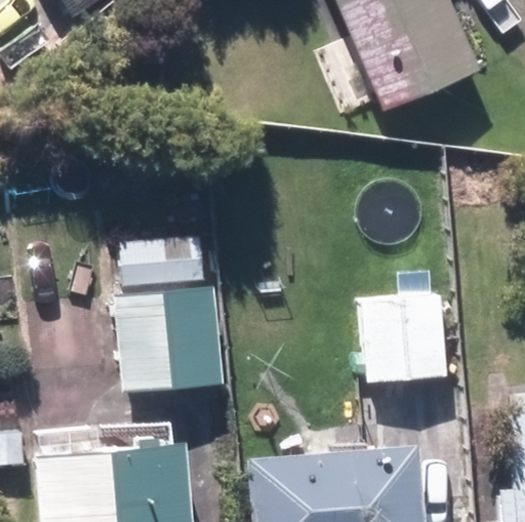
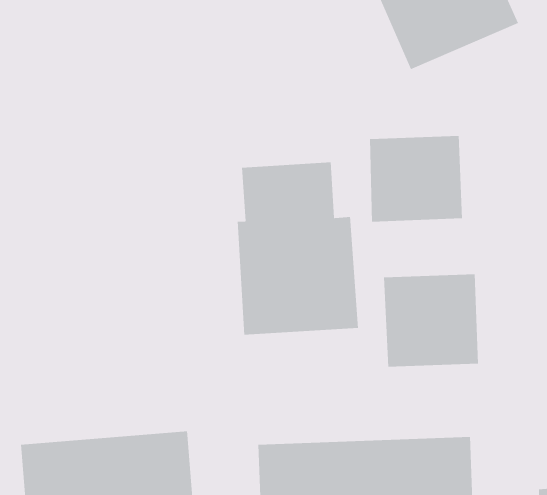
building: none -> [370,135,462,222]
building: [115,235,225,391] -> [237,162,359,335]

